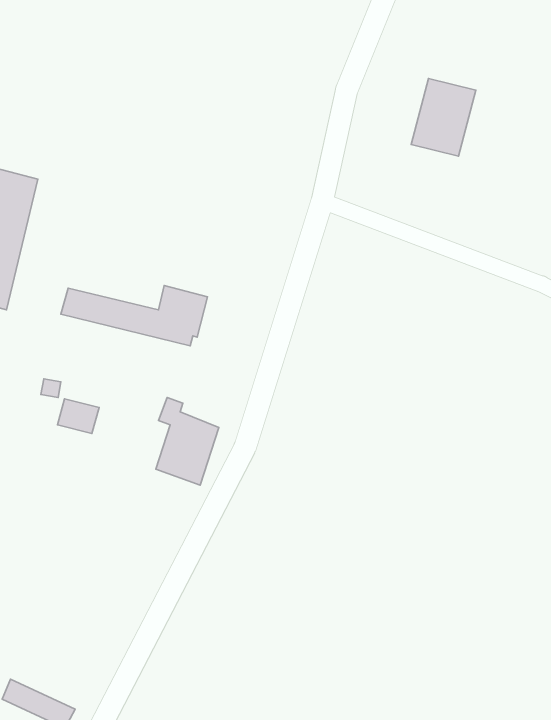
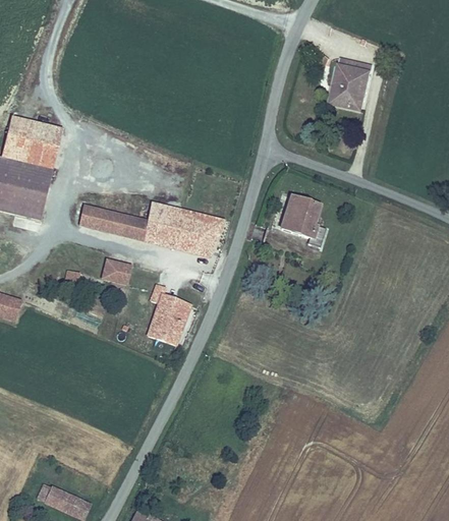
building: none -> [278,193,325,246]
building: none -> [170,211,222,255]
building: [57,399,99,433] -> [100,258,129,283]

